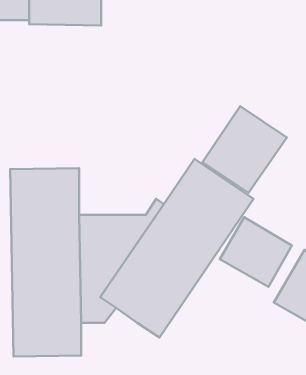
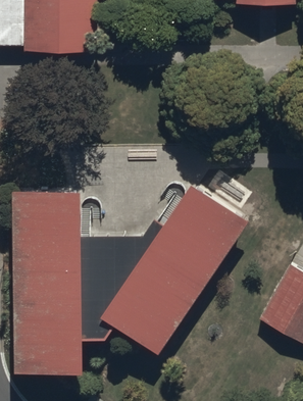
building: [202,106,287,193] -> none
building: [220,217,292,287] -> none

